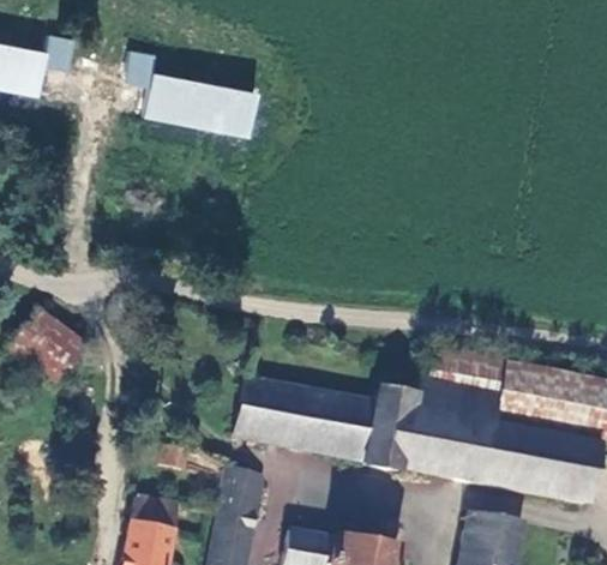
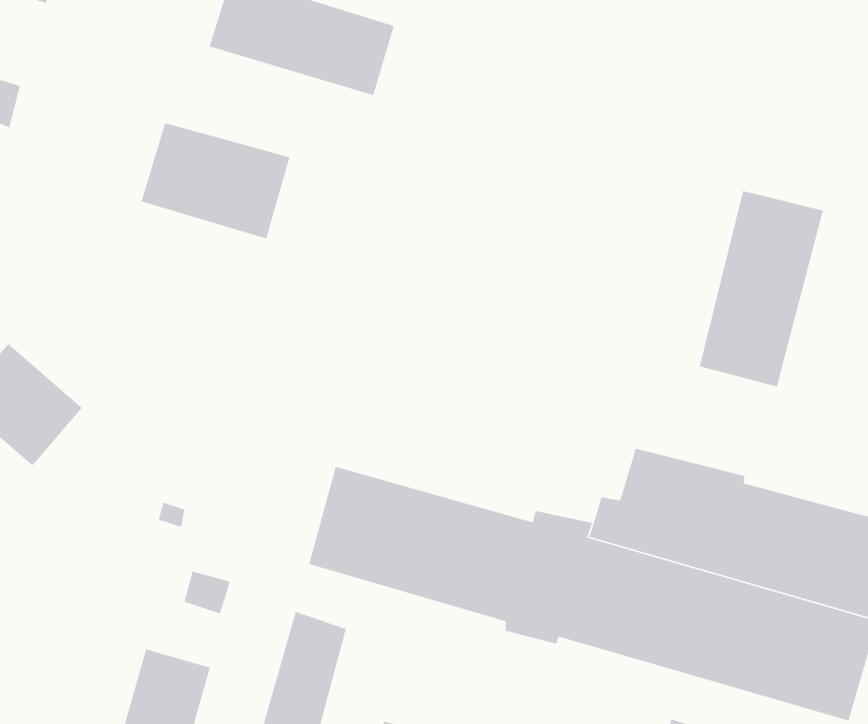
building: none -> [141,122,290,240]
building: none -> [699,190,824,387]

